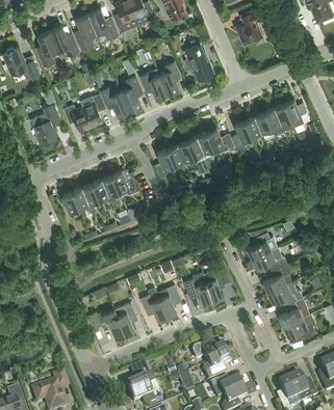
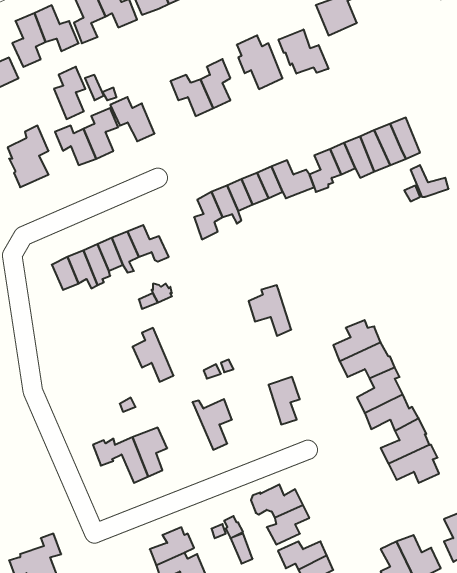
building: none -> [279,29,328,74]
building: [121,75,142,109] -> [54,67,85,119]
building: [184,271,212,304] -> [249,285,291,336]
building: [140,285,168,321] -> [132,328,174,382]

